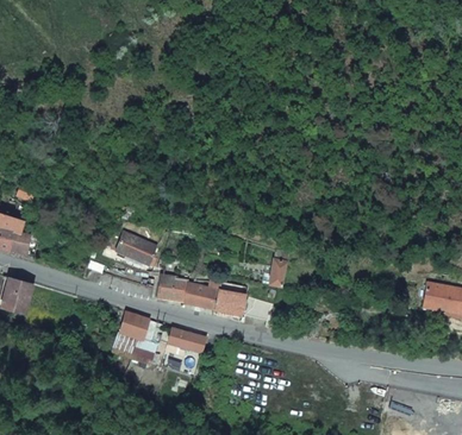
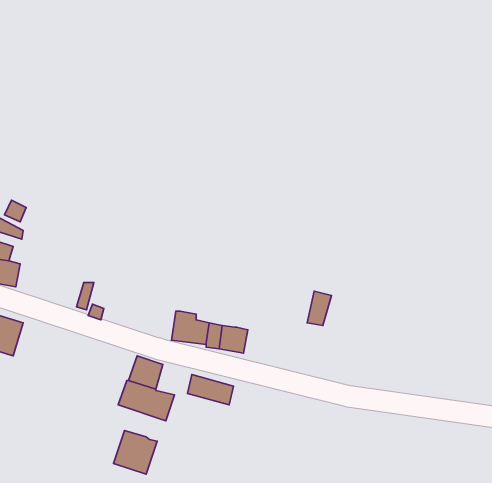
building: [116,232,157,265] -> none
building: [216,290,245,316] -> none
building: none -> [113,430,157,474]

